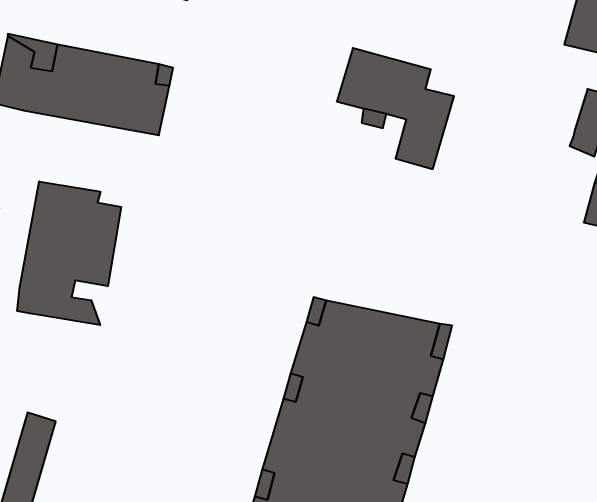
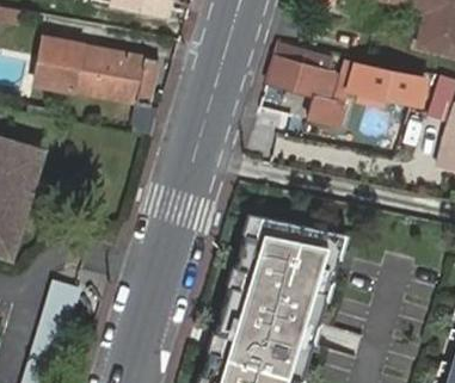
building: none -> [367,67,431,106]
building: [17,181,121,325] -> none

